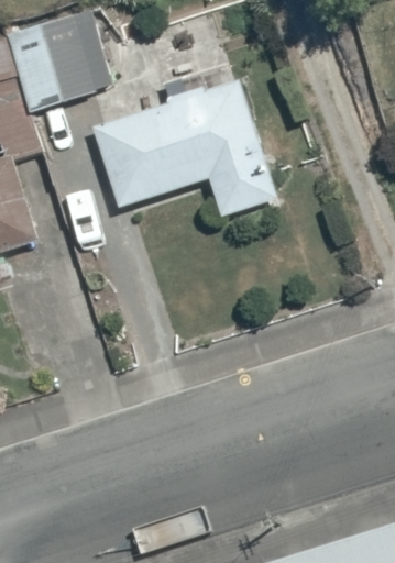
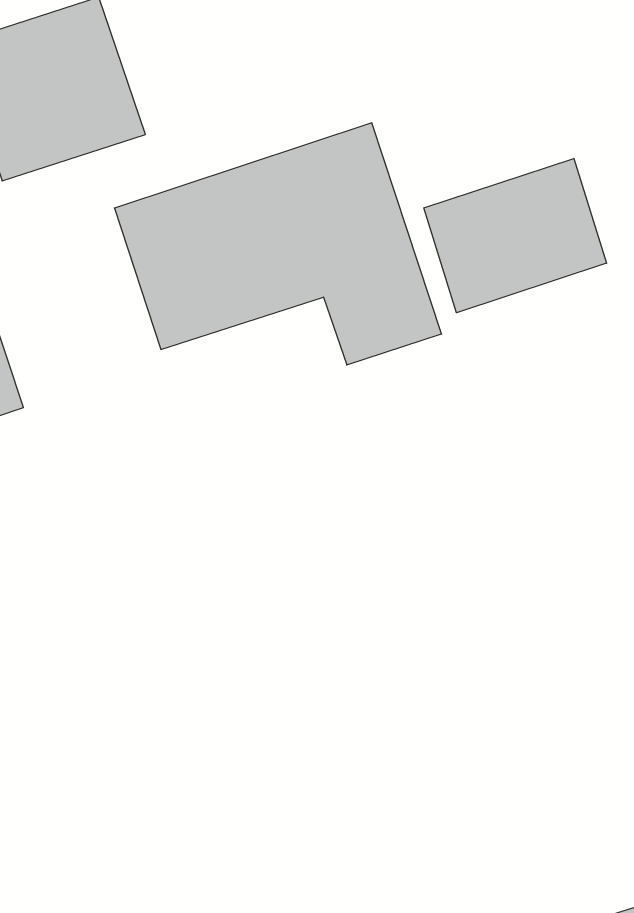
building: none -> [424,158,607,313]

